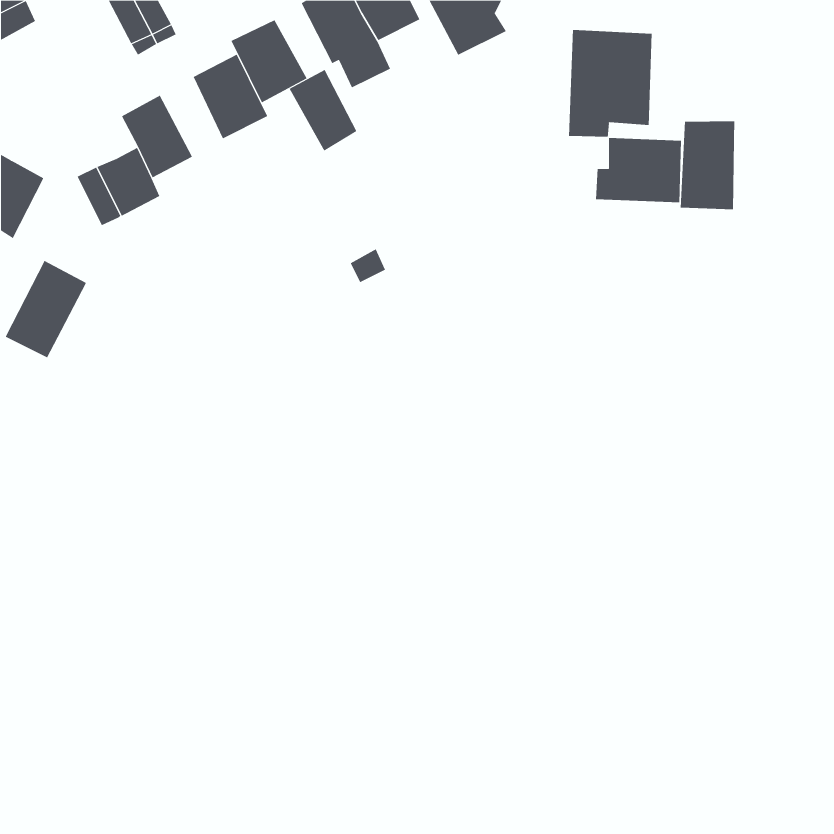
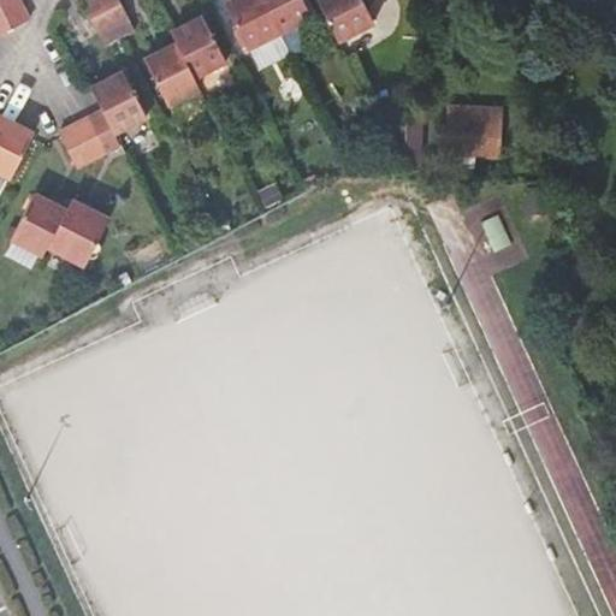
building: [568,29,652,137] -> none
building: [289,69,357,152] -> none
building: [680,120,735,210] -> none
building: none -> [47,197,108,263]

